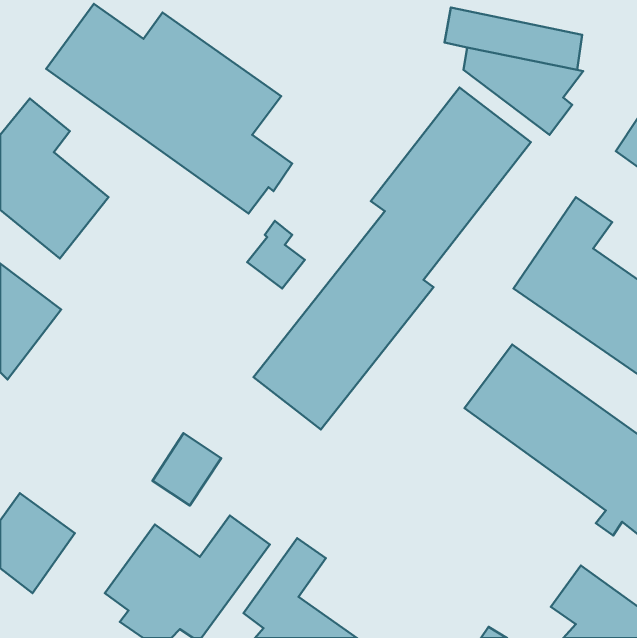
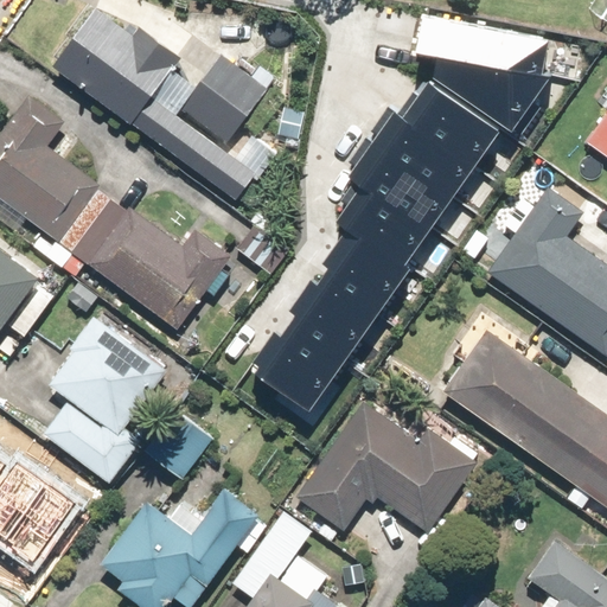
building: none -> [71,200,231,330]
building: none -> [39,312,172,484]
building: none -> [296,402,481,536]

